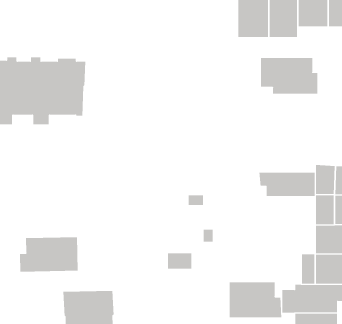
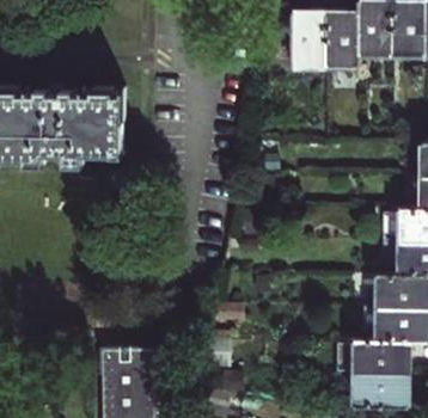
building: [260,57,318,95] -> none
building: [259,172,315,197] -> none
building: [19,236,78,272] -> none
building: [229,282,282,318] -> none

